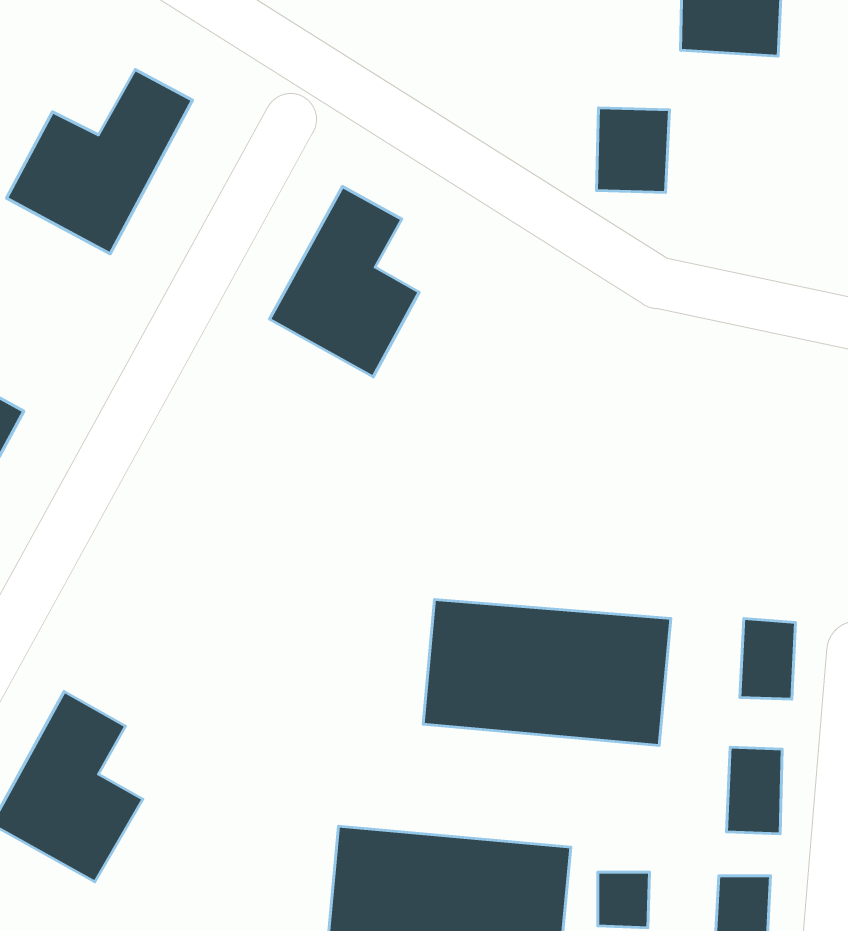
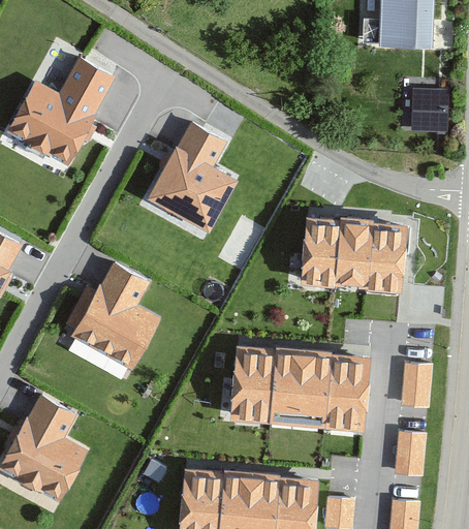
building: [596,108,669,192] -> [410,85,449,130]
building: none -> [304,217,402,284]
building: none -> [73,266,155,368]

